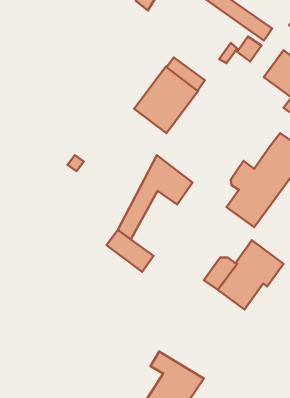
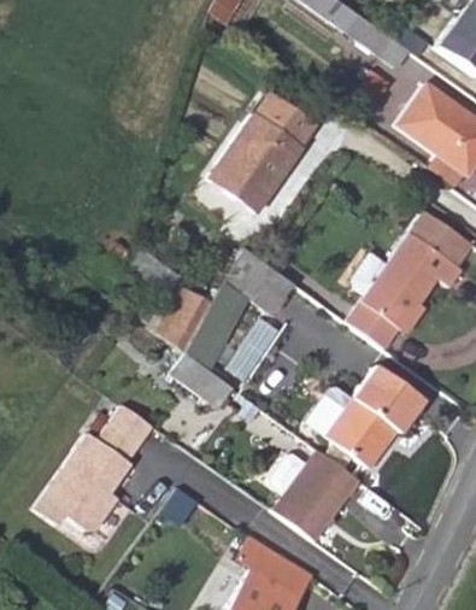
building: none -> [163,286,211,351]
building: none -> [230,311,284,376]
building: none -> [37,405,157,530]
building: none -> [270,451,363,541]

